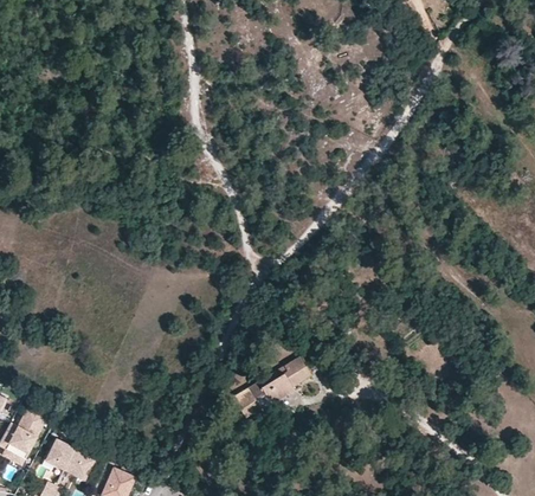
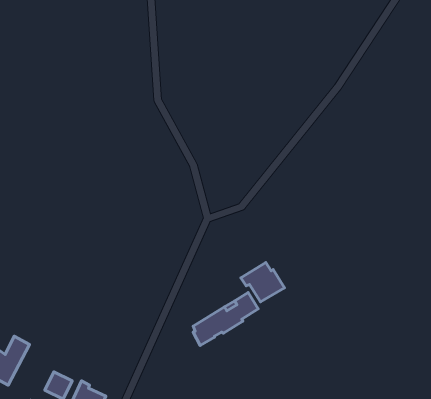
building: none -> [241,263,284,302]
building: [45,438,75,470] -> none

